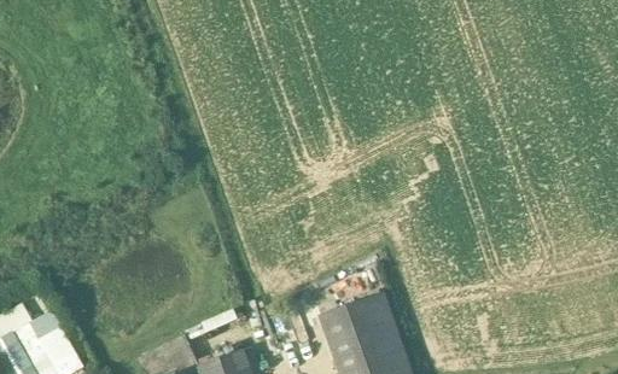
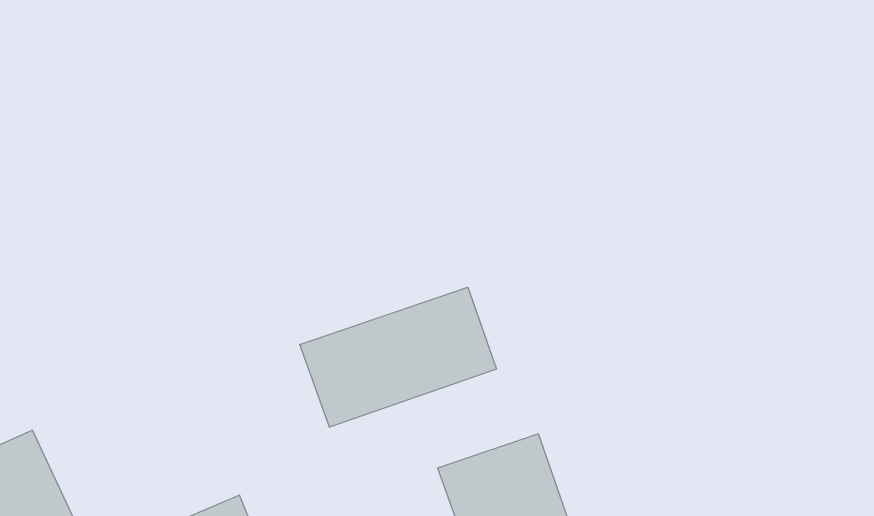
building: none -> [300,287,496,427]

